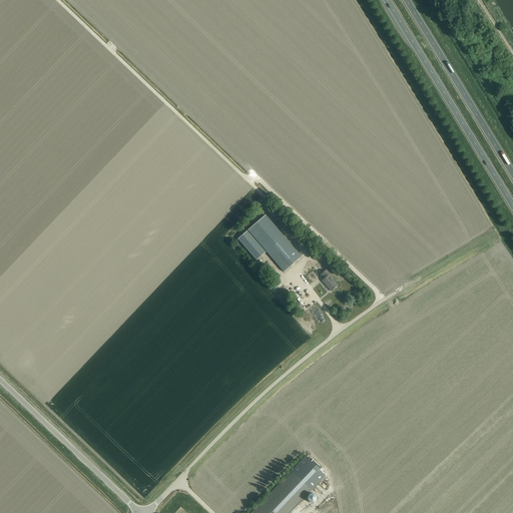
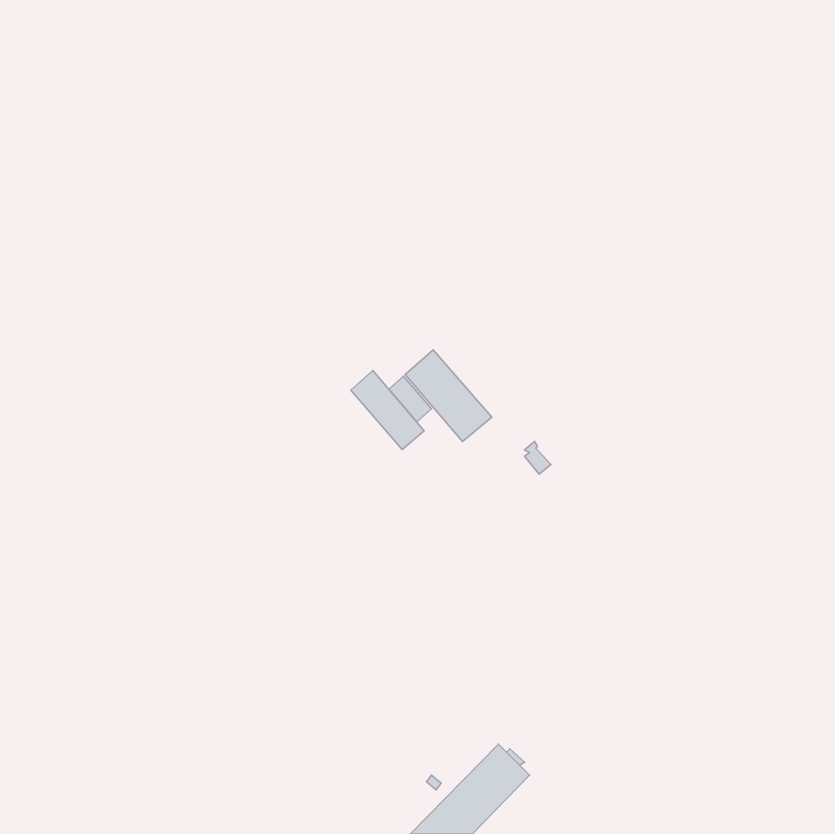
building: none -> [351,370,424,450]

